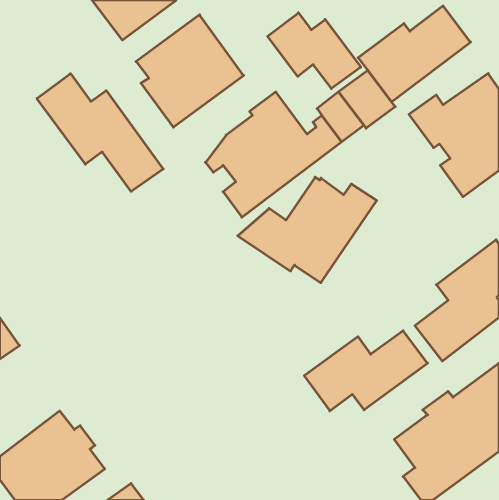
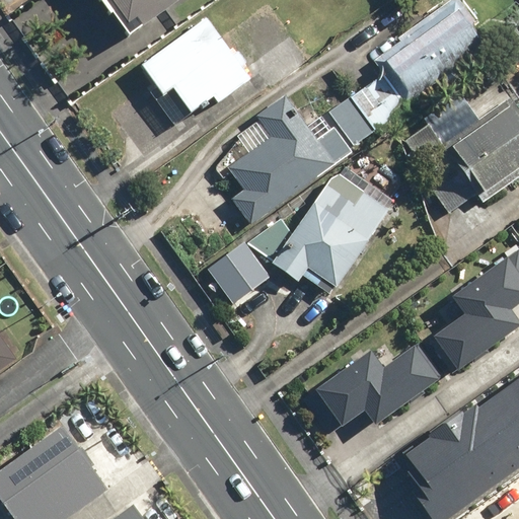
building: [268,13,361,89] -> none
building: [37,74,163,191] -> none
building: none -> [195,242,264,304]

